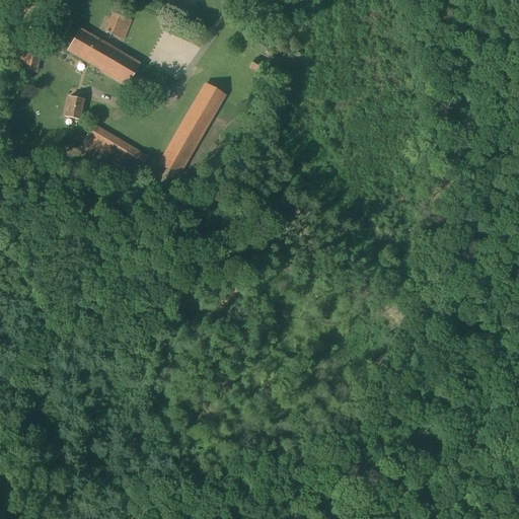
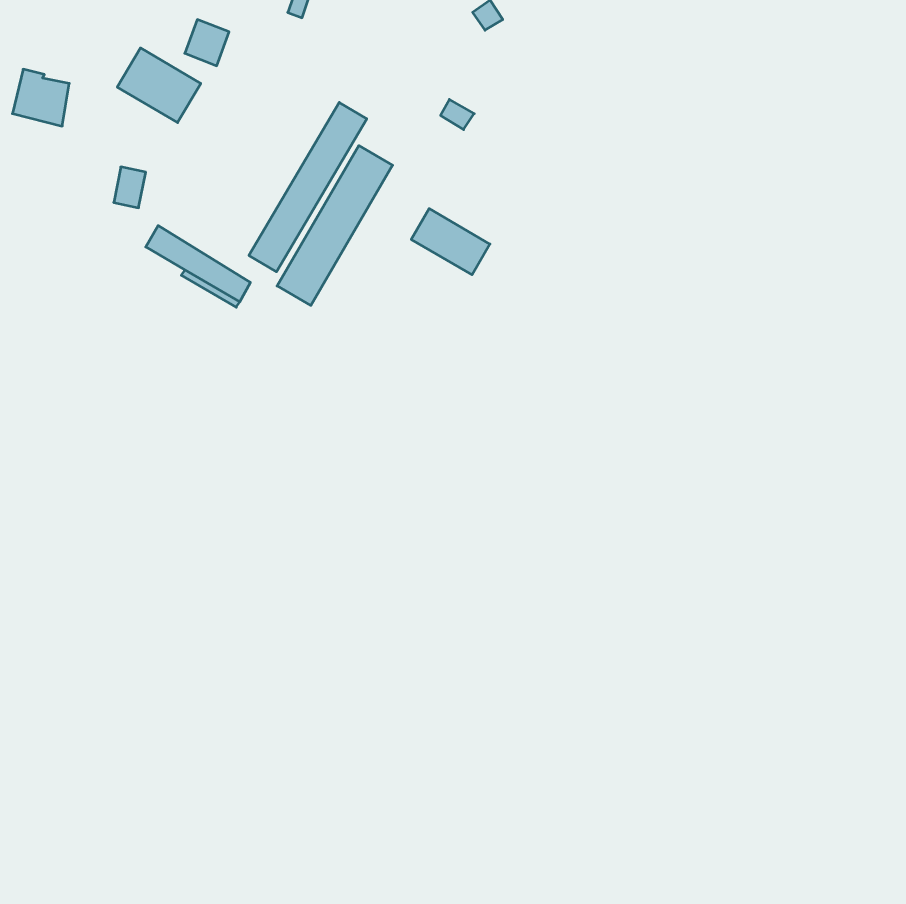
building: [102,48,141,85] -> none
building: none -> [249,102,367,272]
building: none -> [411,209,490,275]

